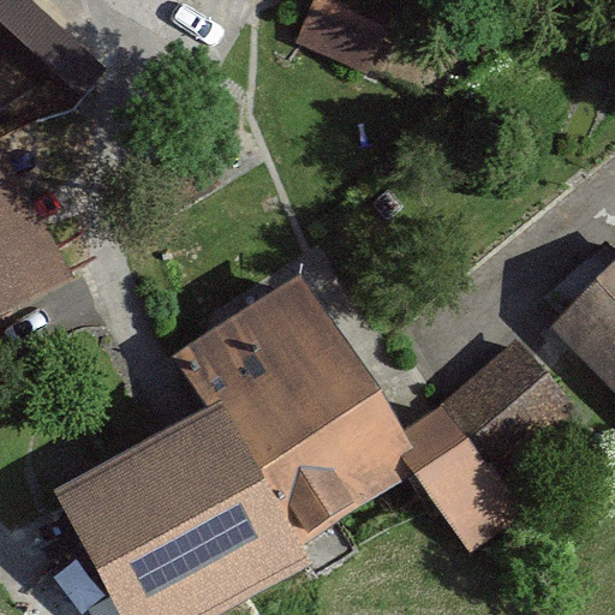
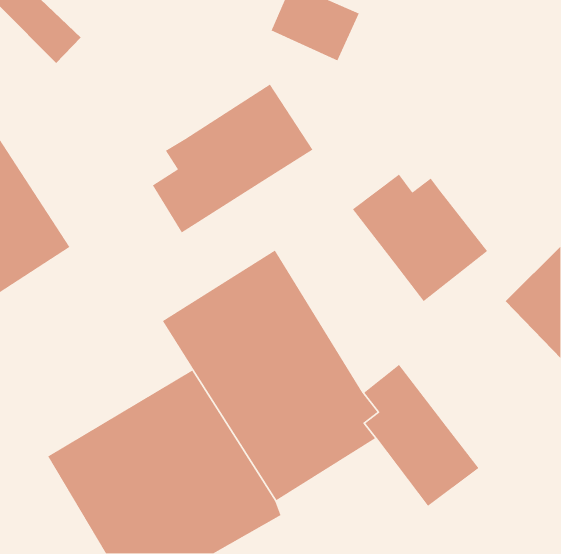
building: none -> [152,84,313,233]
building: none -> [352,174,488,302]
building: [436,335,569,465] -> none

